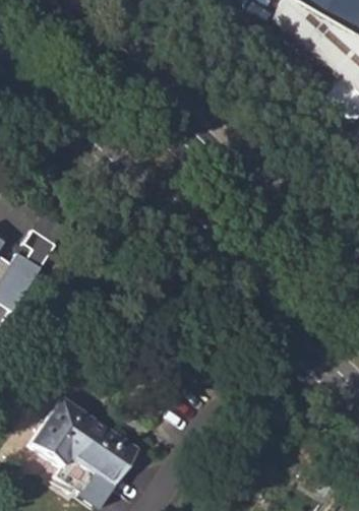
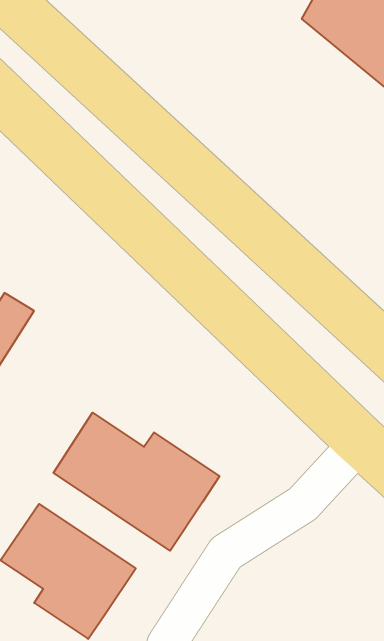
building: none -> [53,413,219,551]

